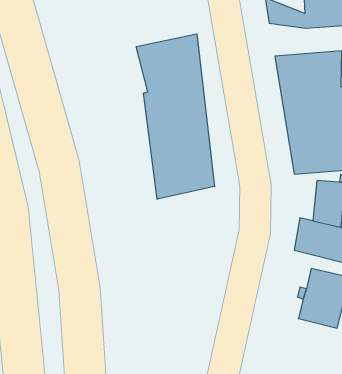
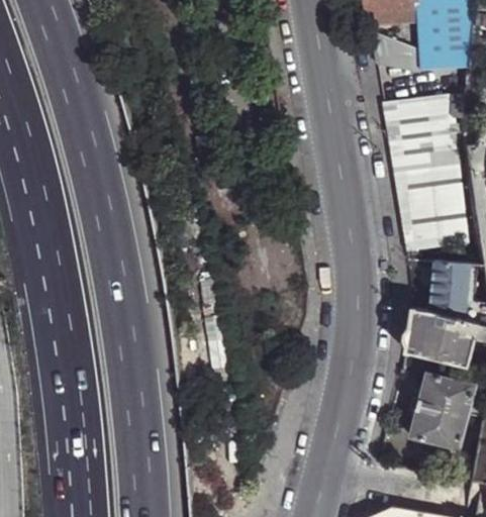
building: [136,34,215,199] -> none

